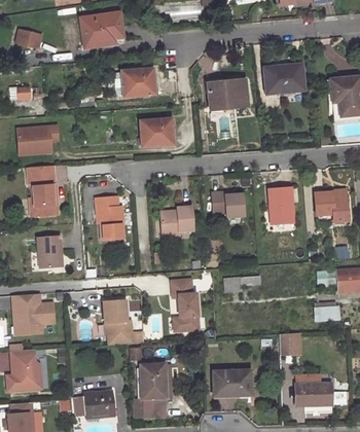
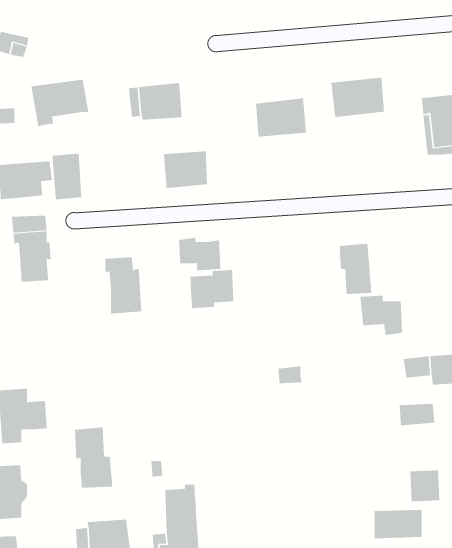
building: [80,12,123,47] -> [31,79,89,126]
building: none -> [52,153,82,200]
building: [211,191,243,216] -> [178,237,221,271]
building: [315,191,347,221] -> [360,295,403,336]
building: [38,237,63,268] -> none
building: [171,279,199,330] -> none
building: [104,299,133,345] -> [74,427,113,488]
building: [280,331,302,355] -> [409,470,440,502]
building: [213,370,251,395] -> none

